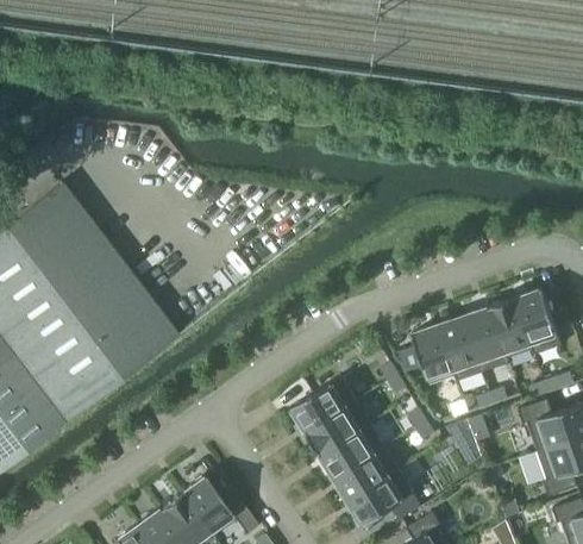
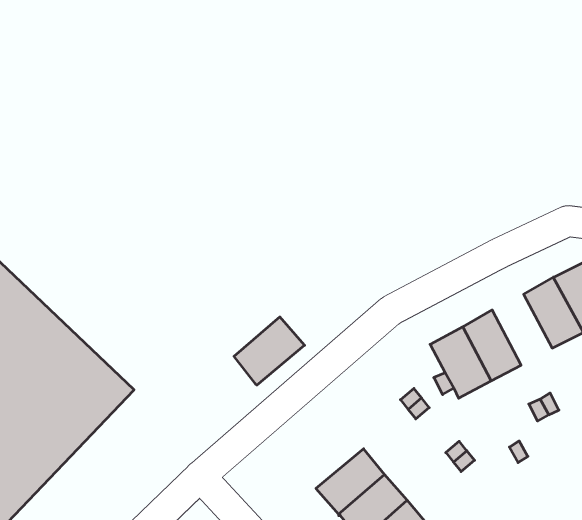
building: [463,309,504,364] -> none
building: [290,384,346,434] -> [234,317,305,385]

